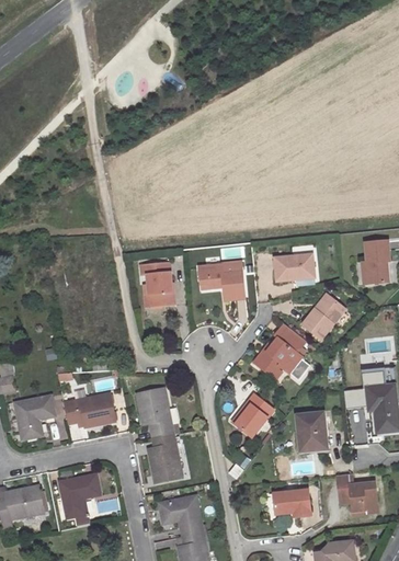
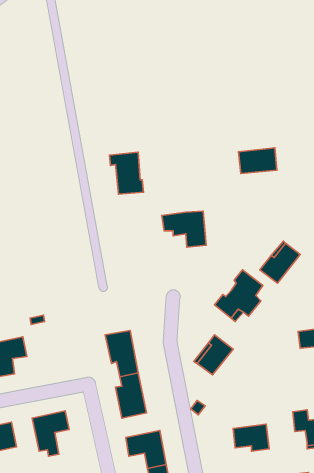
building: [274,253,315,280] -> [239,148,277,173]
building: [139,261,175,306] -> [109,152,143,194]
building: [62,394,114,426] -> none
building: [296,412,324,450] -> none

